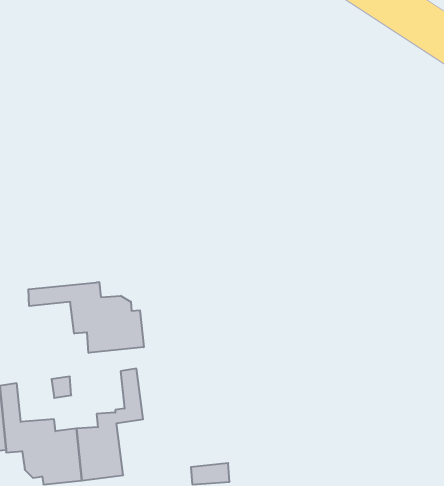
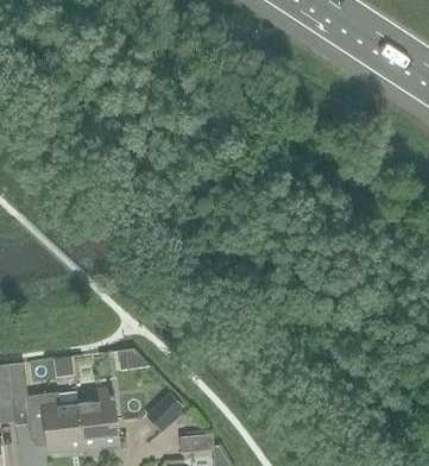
building: [28,282,144,353] -> none
building: none -> [146,393,184,432]

